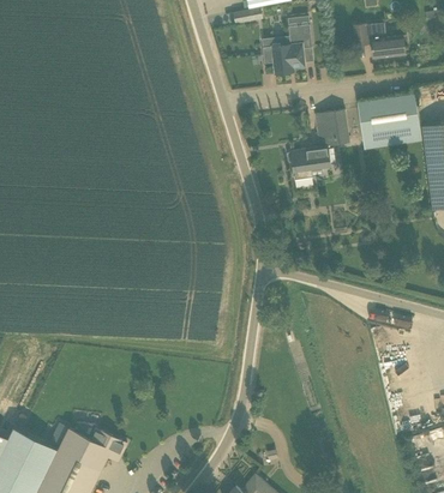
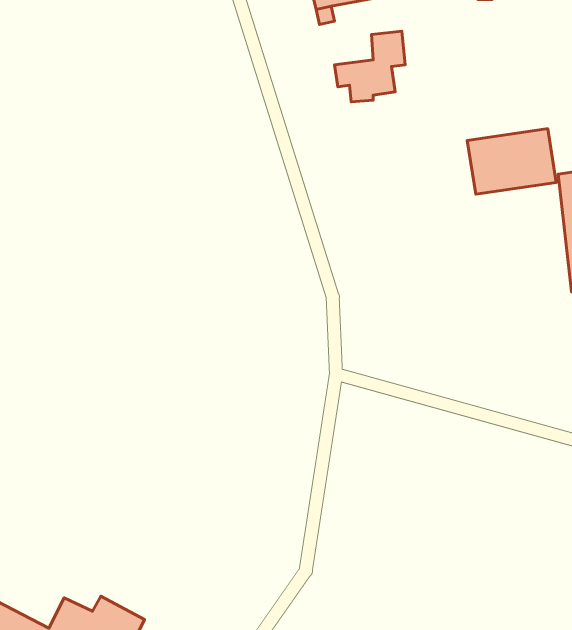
building: [353,23,404,59] -> none
building: [287,109,349,180] -> none

